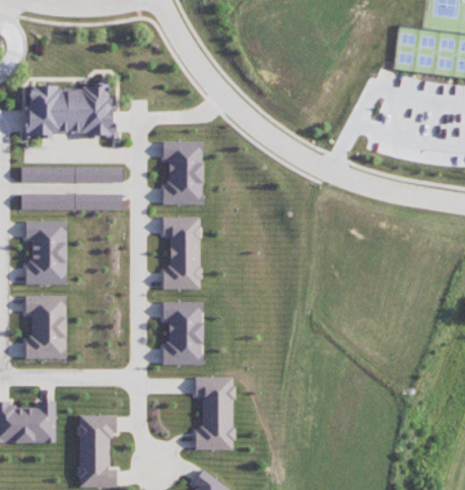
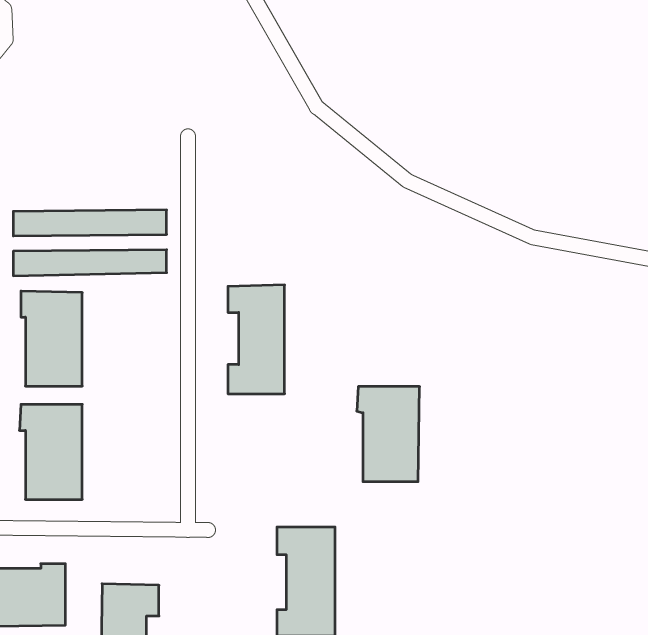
building: [24,82,116,139] -> none
building: [162,141,203,204] -> none
building: [161,302,203,365] -> [357,387,420,482]

